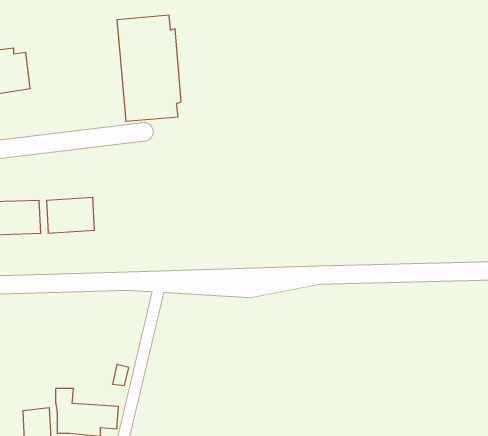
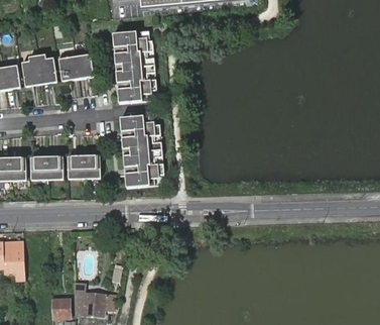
building: none -> [58,56,93,81]
building: none -> [122,116,165,189]

